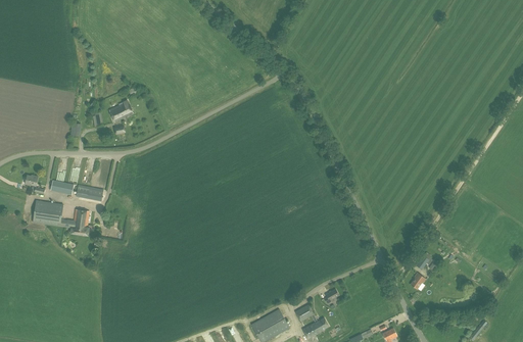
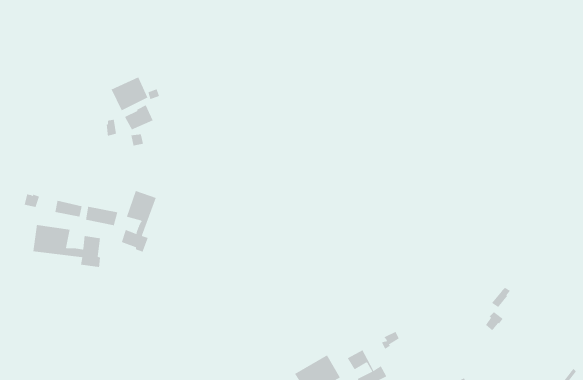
building: none -> [111,76,148,111]
building: none -> [121,190,156,253]

